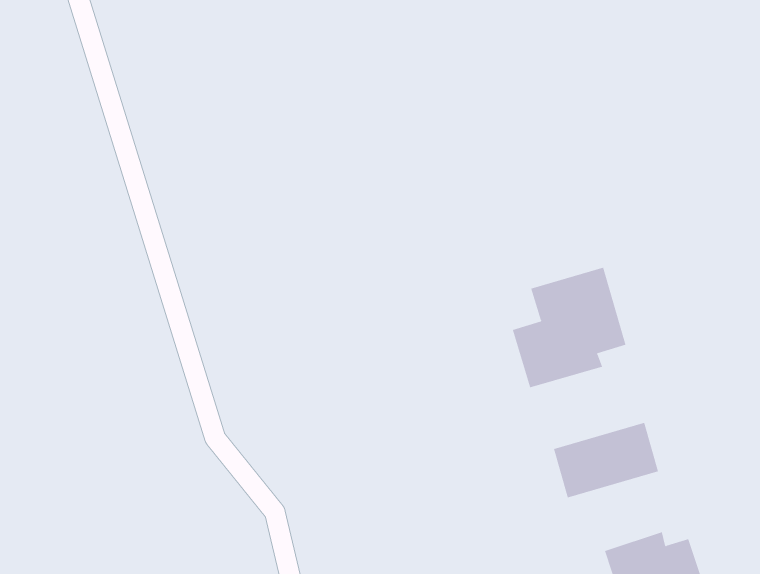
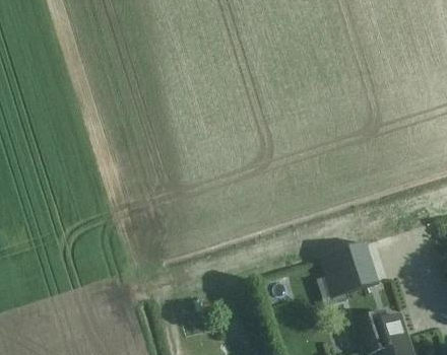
building: [512,267,626,388] -> none

